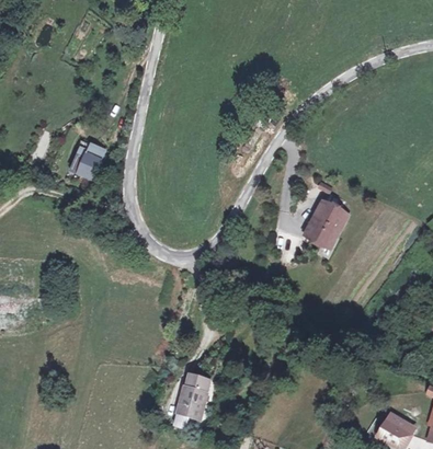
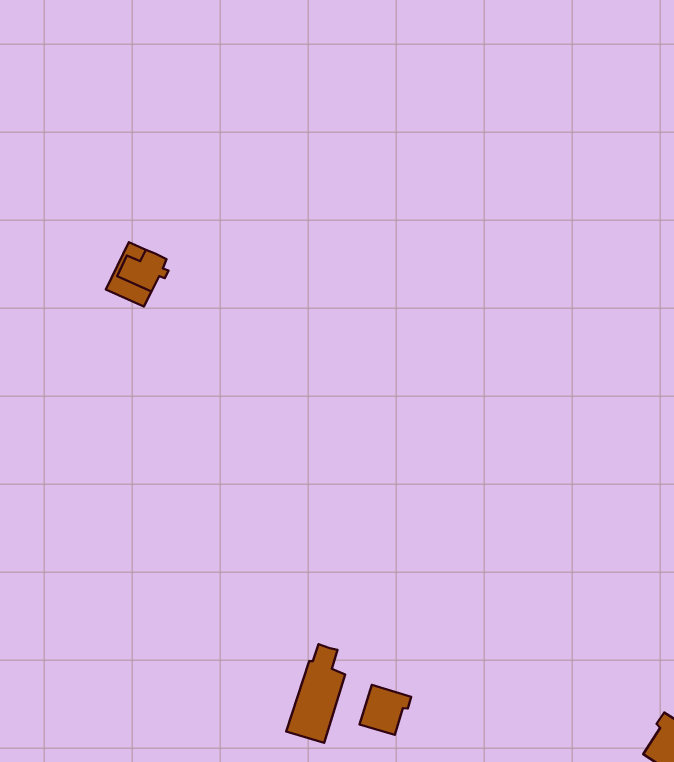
building: [308,202,347,246] -> none
building: none -> [359,685,411,735]

